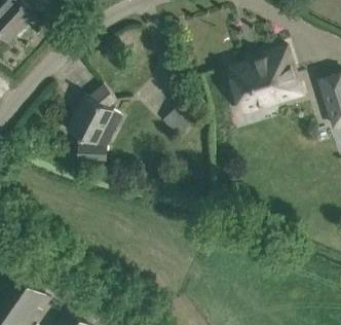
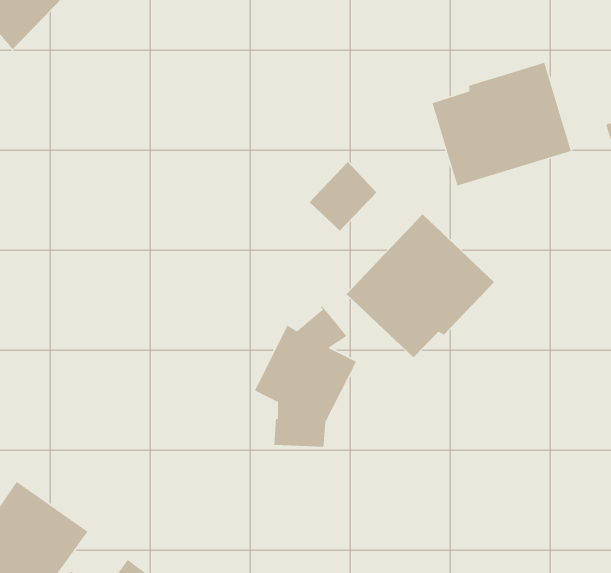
building: [68,85,122,160] -> [254,305,357,447]
building: none -> [346,214,495,358]

